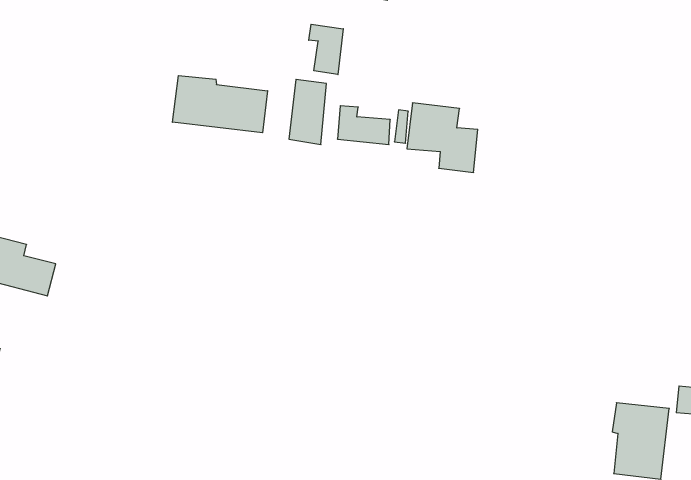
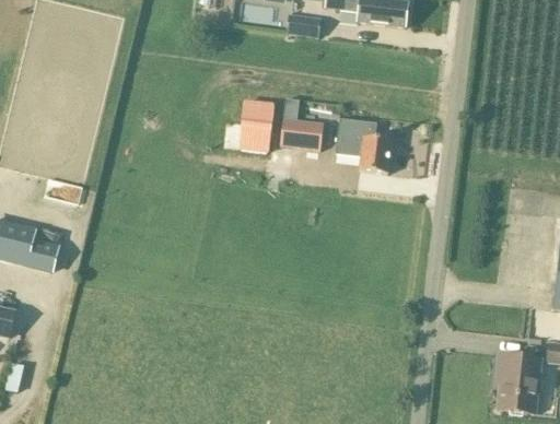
building: [309,24,343,75] -> none
building: [172,76,268,133] -> none

